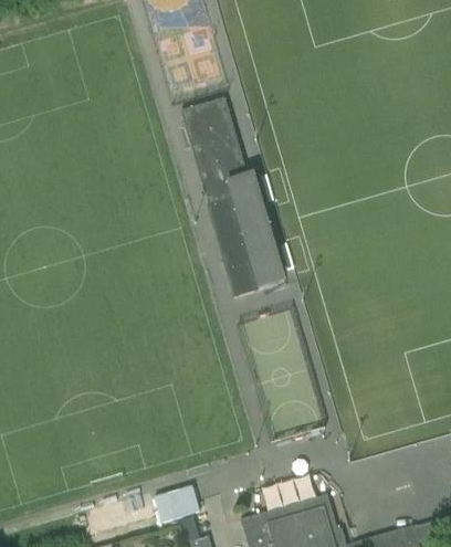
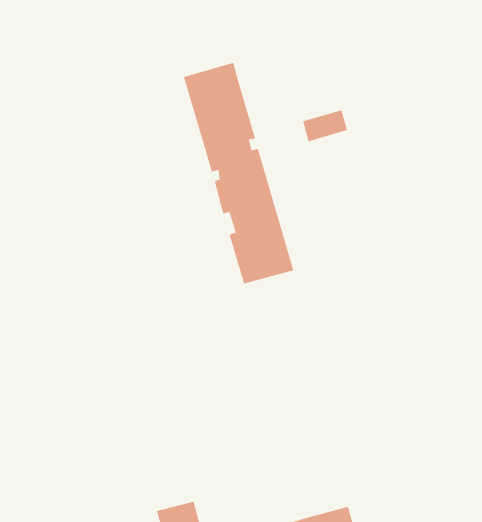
building: none -> [303,110,348,142]

